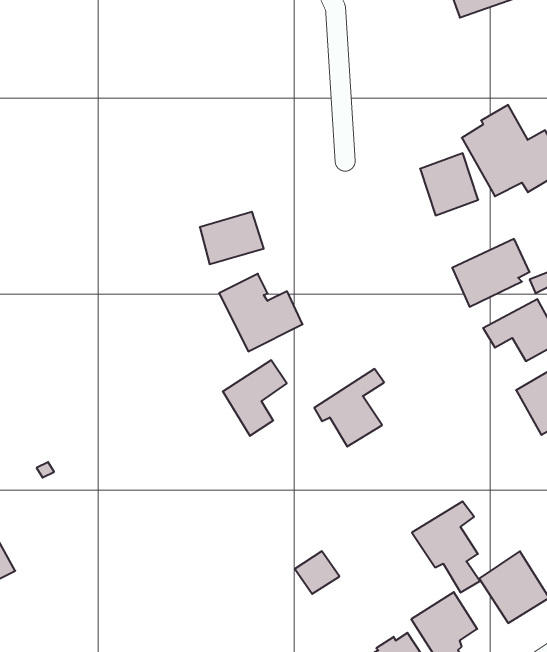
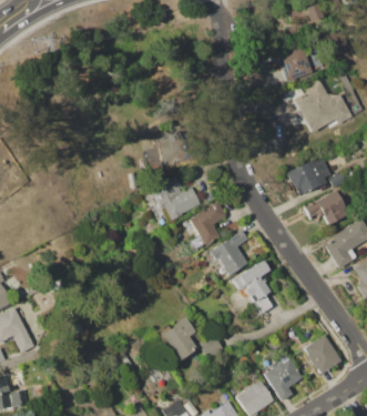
building: [420,153,478,215] -> [278,47,312,82]
building: [223,360,287,436] -> [190,202,226,245]
building: [412,501,480,593] -> [234,261,273,313]
building: none -> [155,317,196,362]

